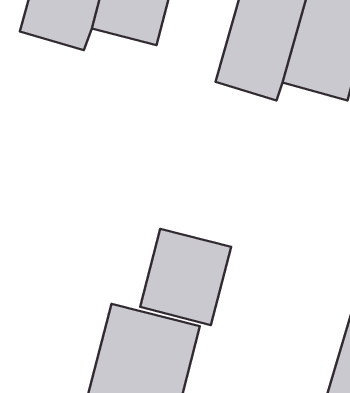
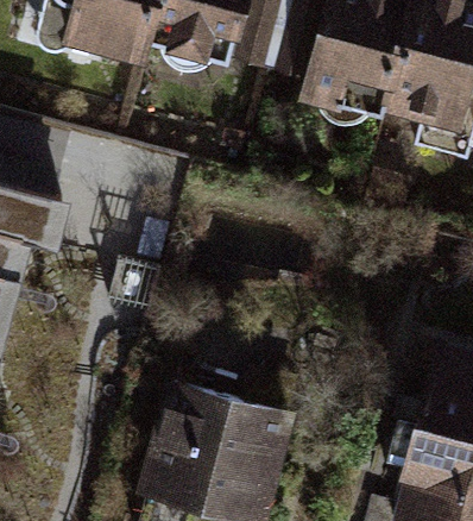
building: [140,229,231,325] -> none

